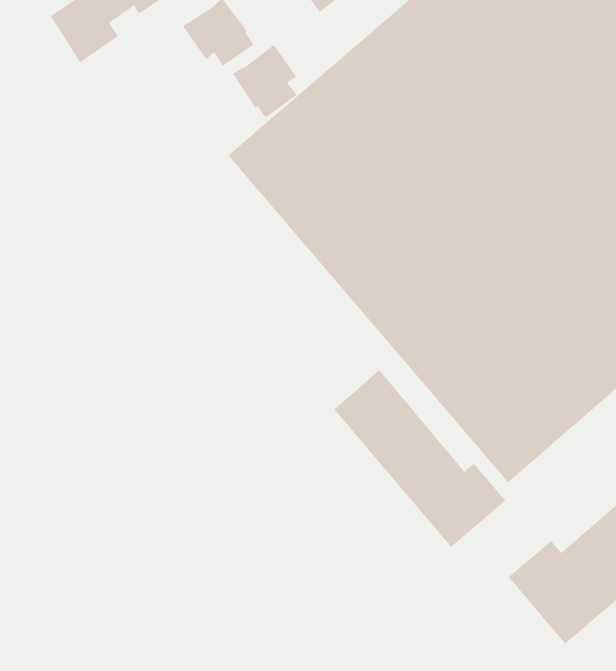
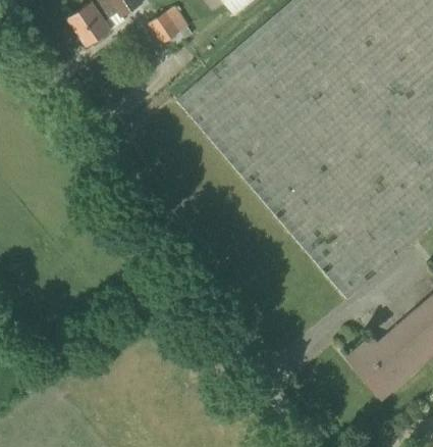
building: [232,44,298,119] -> none
building: [334,369,506,548] -> none

